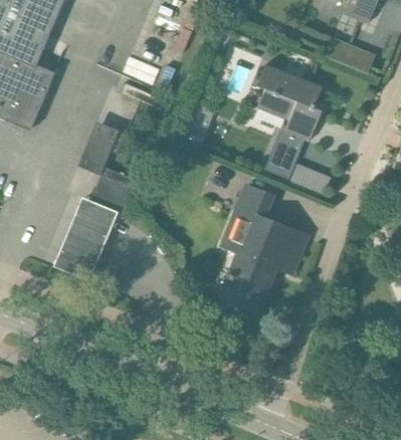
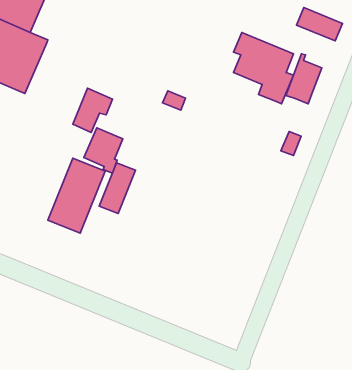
building: [264,124,304,178] -> [286,54,322,104]
building: [224,187,306,307] -> none
building: none -> [99,163,136,213]

